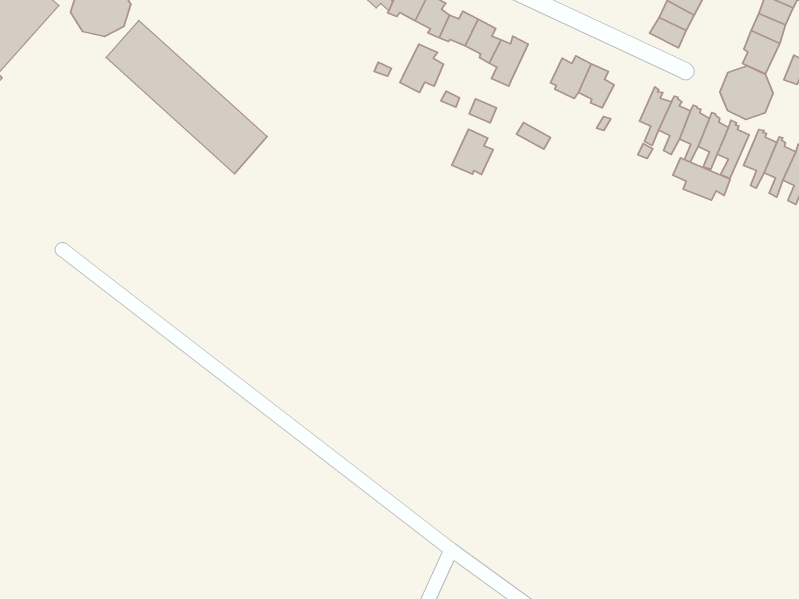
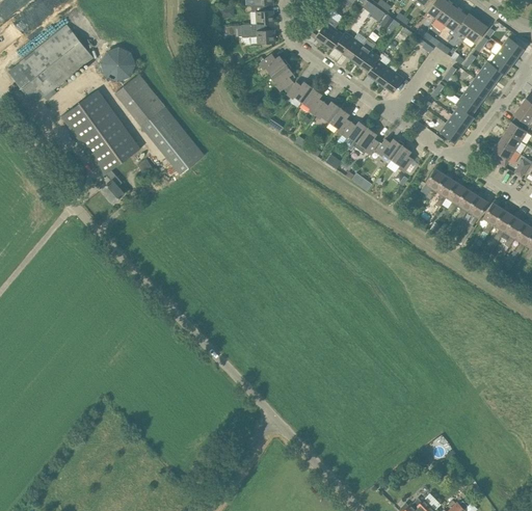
building: [400,44,444,92] -> none
building: none -> [60,89,139,203]
building: [720,66,773,119] -> none
building: [452,129,493,174] -> [352,127,378,155]
building: [673,158,730,200] -> none

